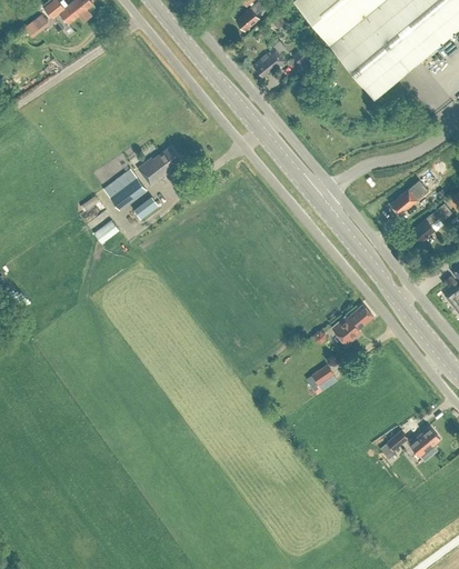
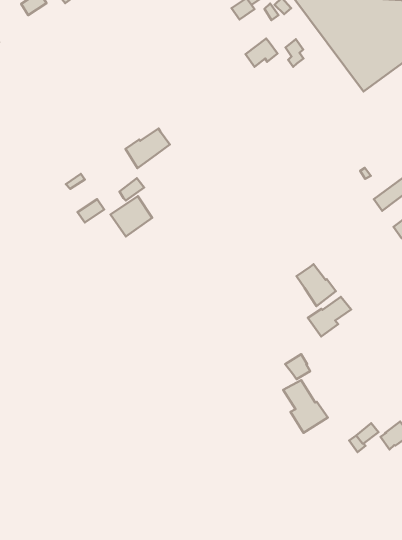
building: [104,169,147,210] -> [110,196,152,236]
building: none -> [296,264,336,306]
building: none -> [283,380,328,433]

